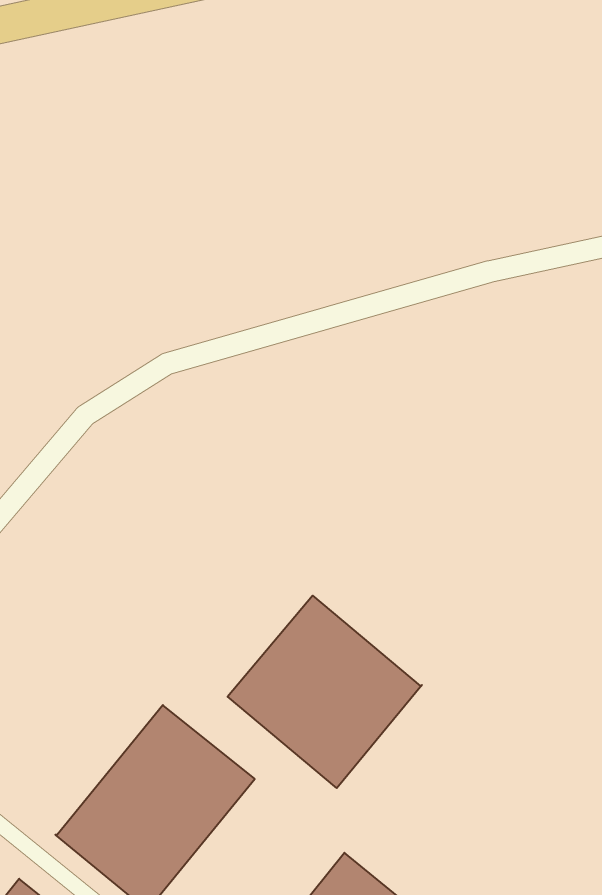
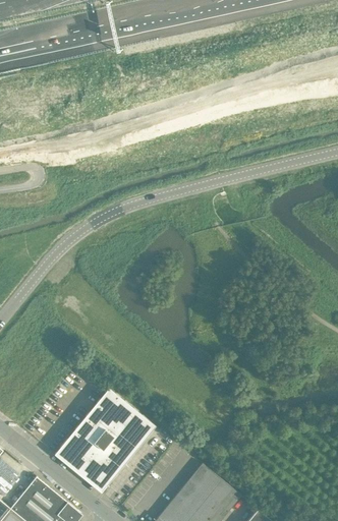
building: [228,596,422,788] -> none

